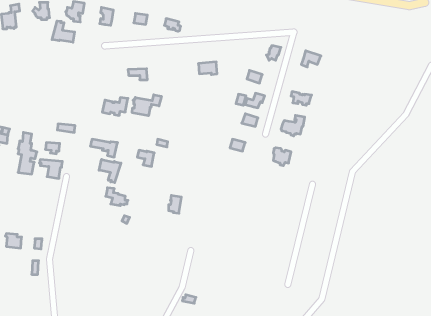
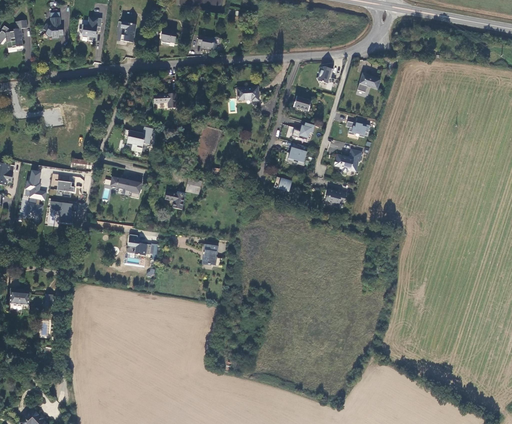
building: [52,21,75,42] -> none
building: [132,95,161,116] -> none
building: [99,159,121,183] -> none

